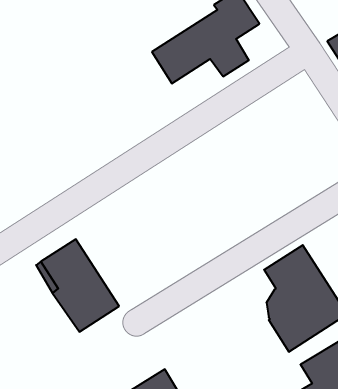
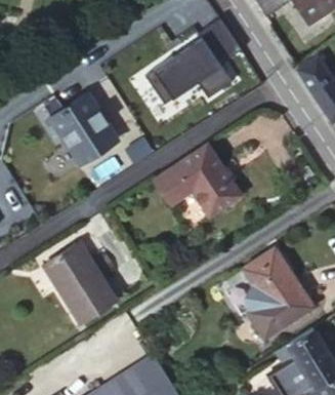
building: none -> [45,93,119,164]
building: none -> [156,145,240,214]

